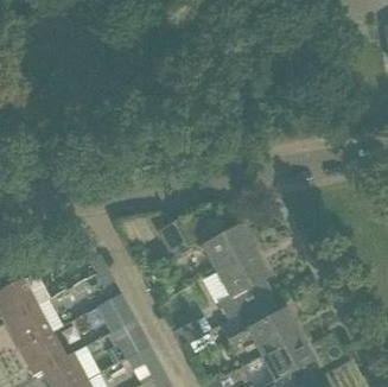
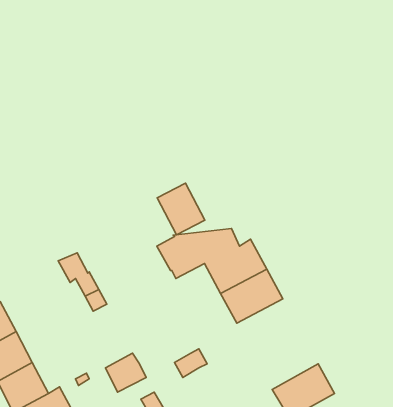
building: none -> [157,183,205,235]
building: [98,293,139,337] -> none
building: [222,298,301,356] -> none

